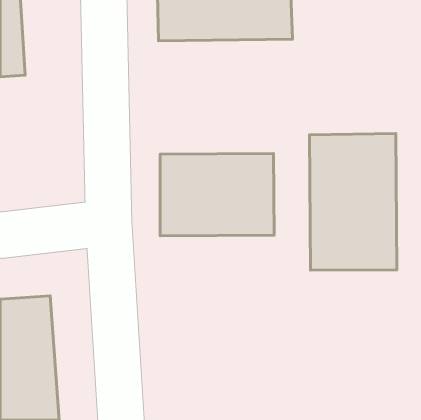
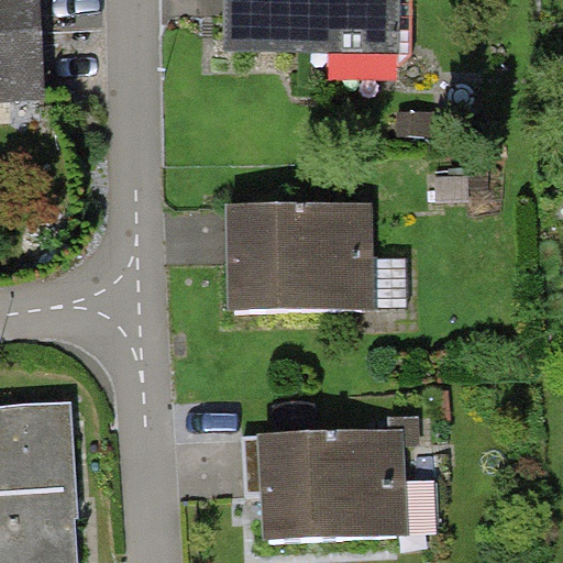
building: [310,134,397,270] -> none
building: none -> [247,426,400,541]

